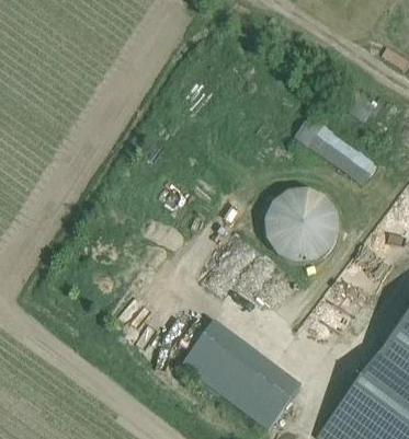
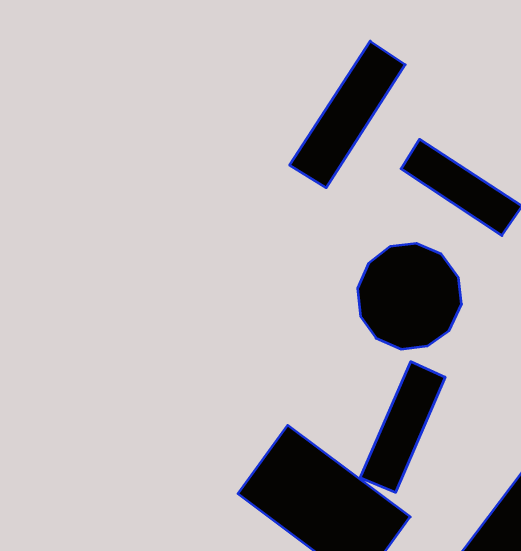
building: none -> [290,41,405,188]
building: none -> [360,362,445,492]

